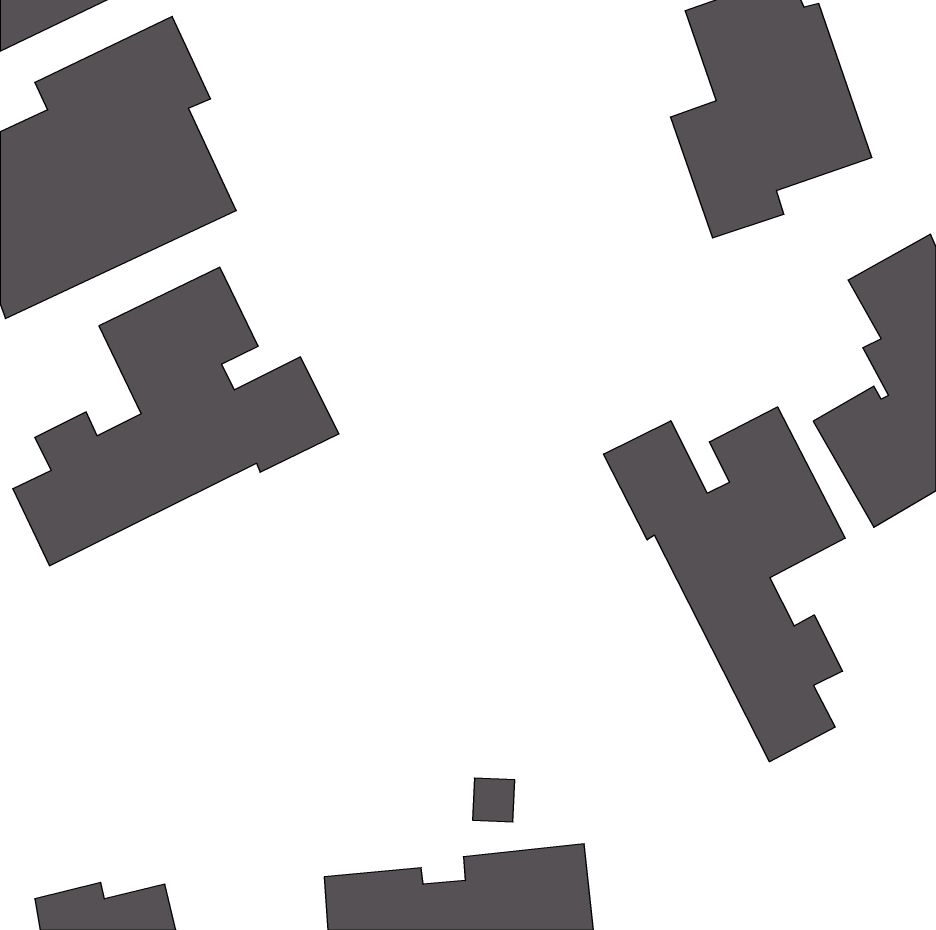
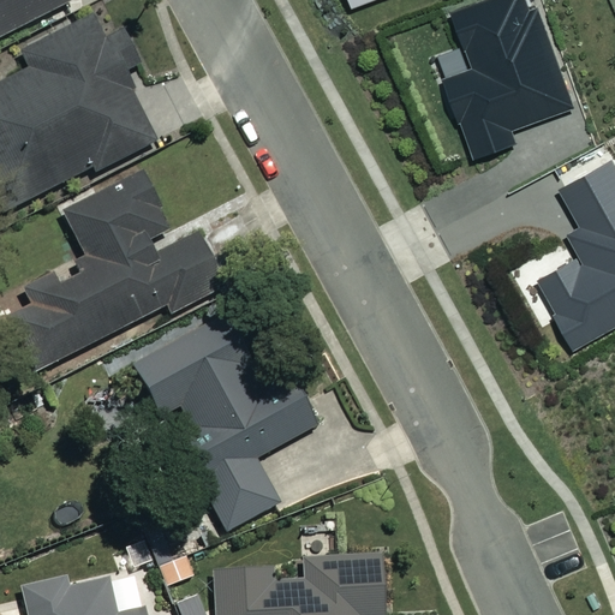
building: [603,407,845,762] -> none
building: none -> [137,324,320,531]

